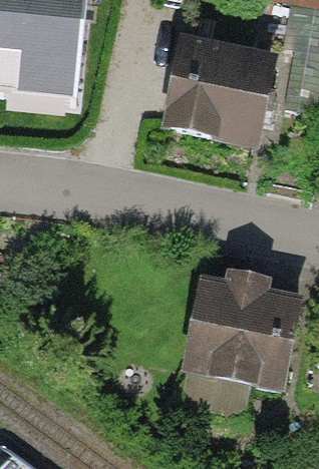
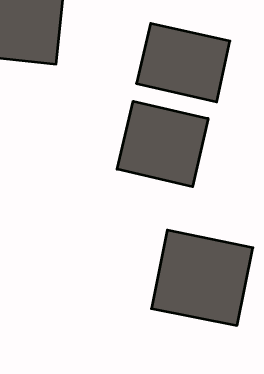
building: none -> [117,101,208,187]

